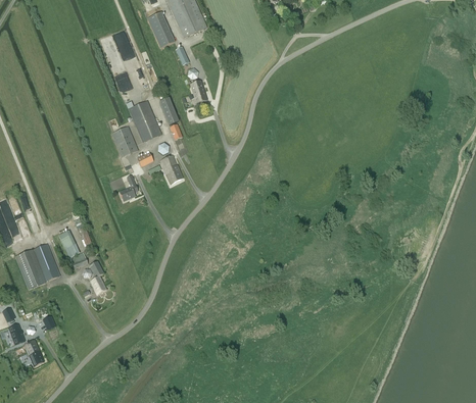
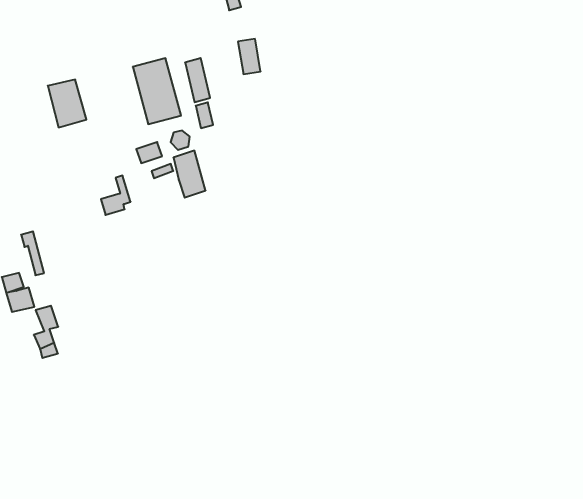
building: [110,125,137,156] -> [48,80,86,127]

